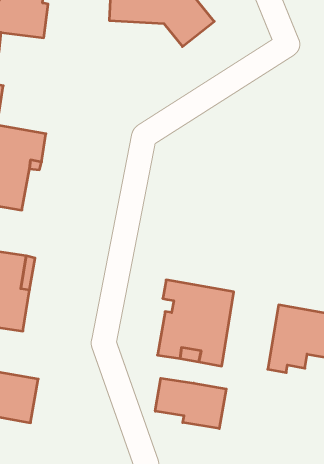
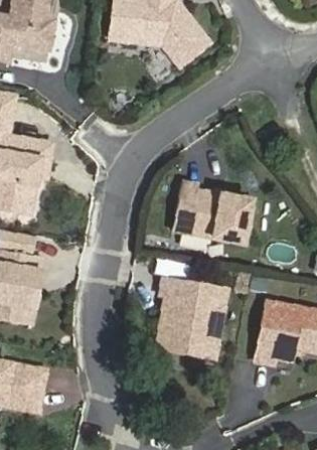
building: none -> [170,181,254,245]
building: [155,378,226,429] -> none

